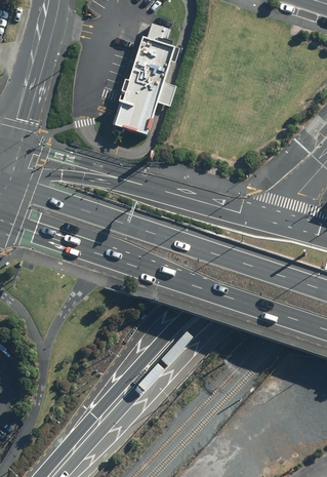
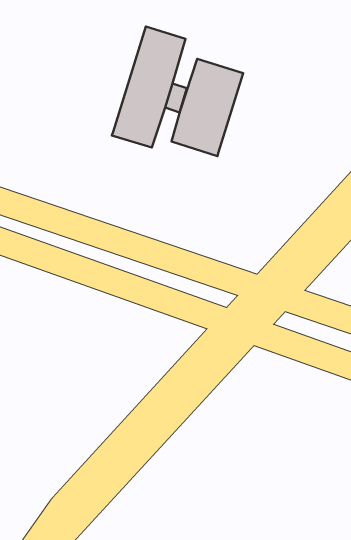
building: none -> [172,59,243,156]

